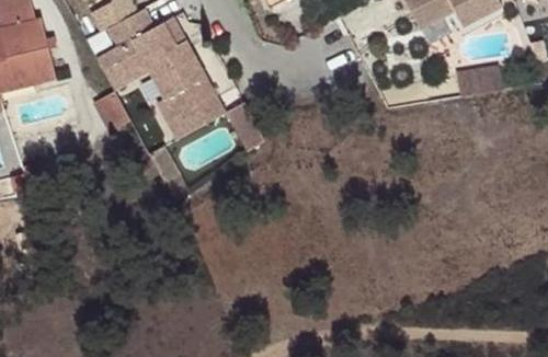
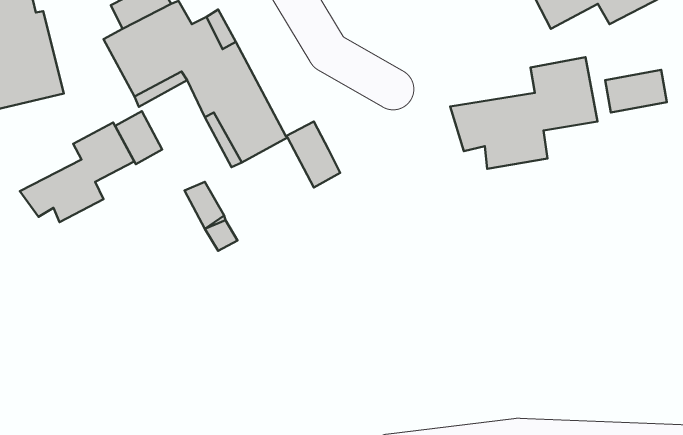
building: none -> [450,57,597,169]
building: none -> [20,122,134,222]

